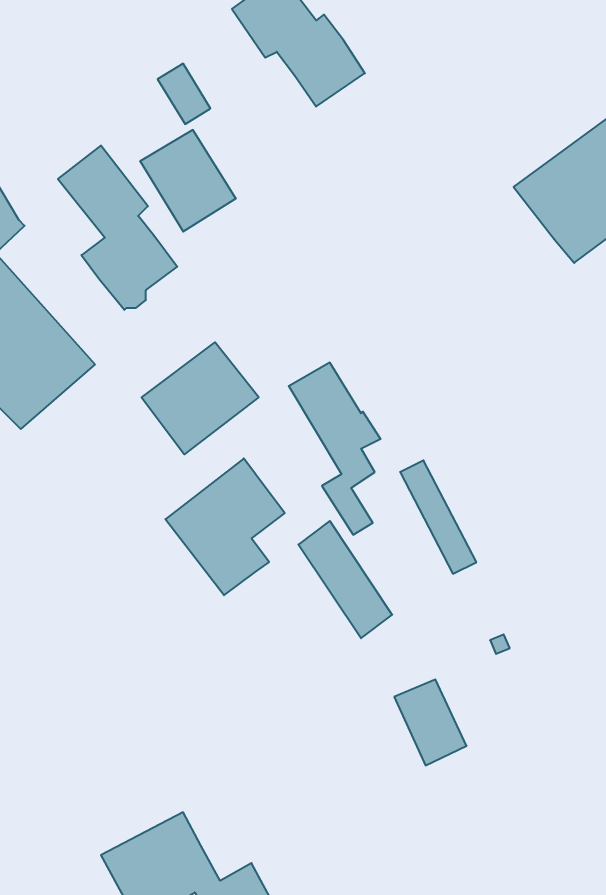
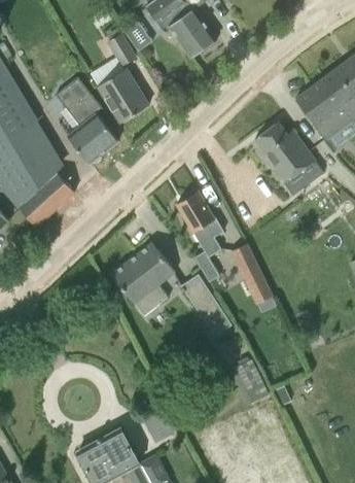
building: none -> [254,122,323,194]
building: [142,342,259,454] -> none

